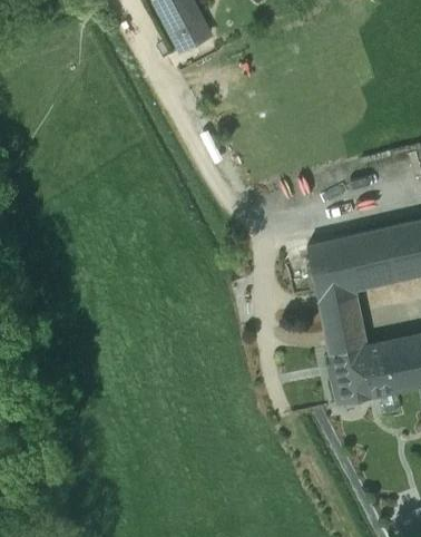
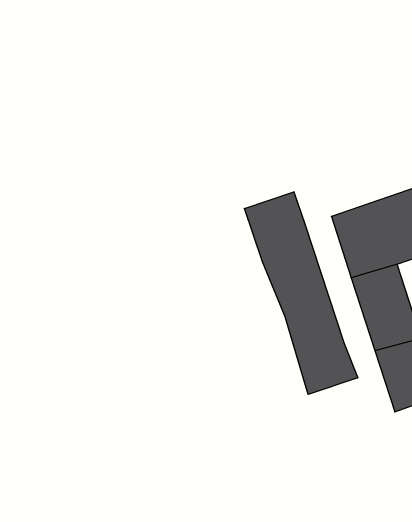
building: none -> [244,192,358,394]

